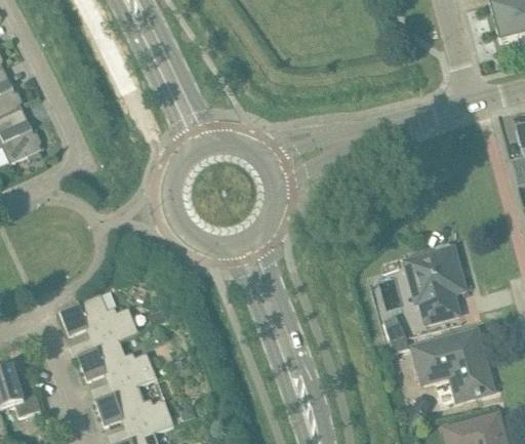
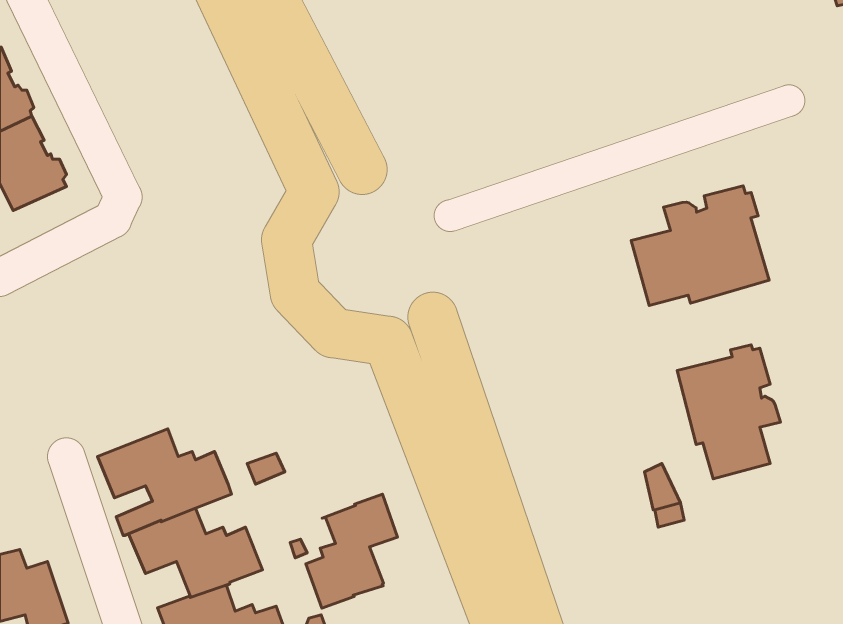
building: none -> [631,186,769,305]
building: [413,329,493,401] -> none
building: none -> [306,494,397,608]

